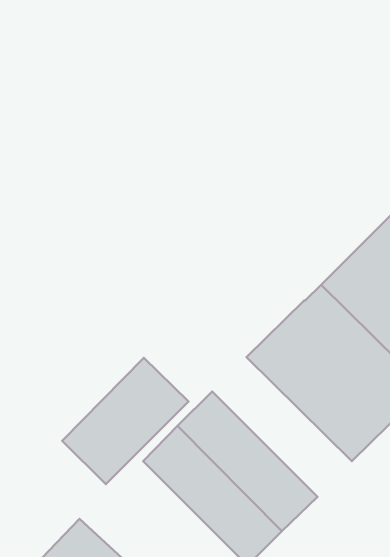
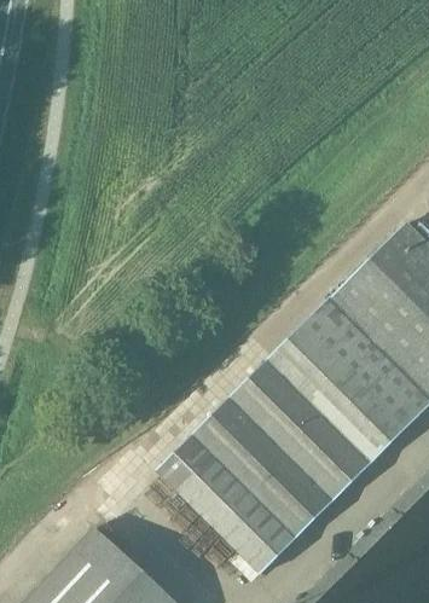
building: none -> [225,367,363,505]
building: [62,358,189,484] -> none

